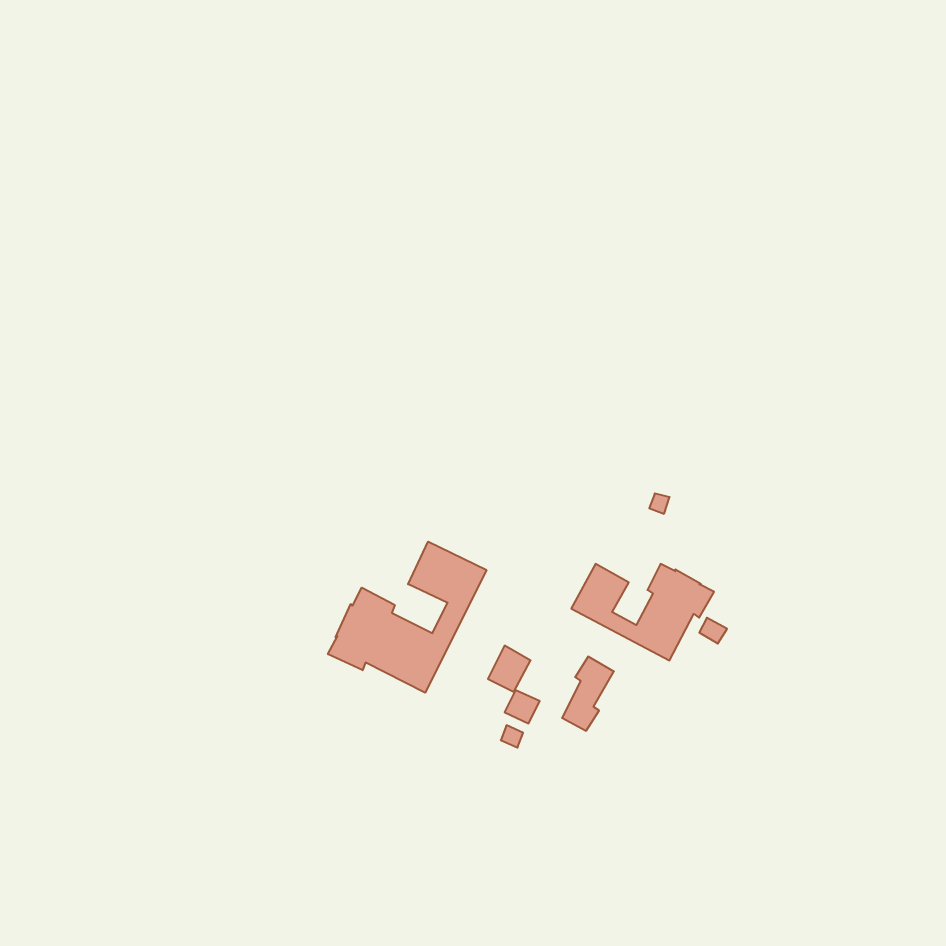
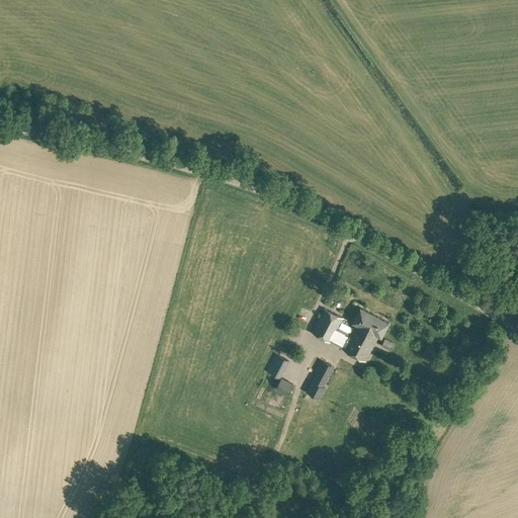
building: [328,542,486,693] -> none

